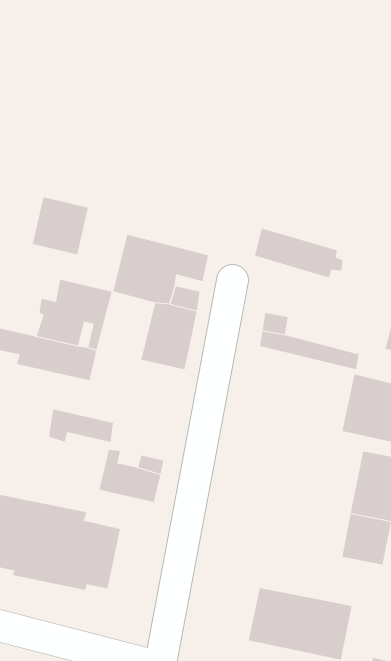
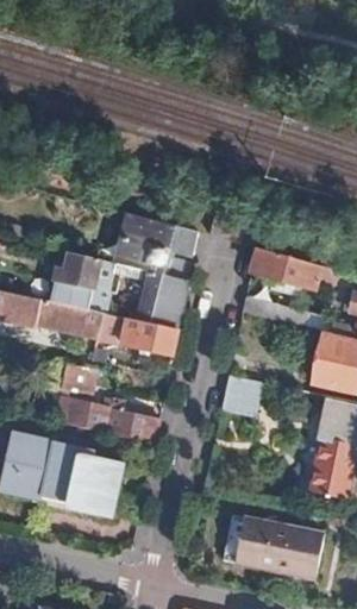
building: [32,197,88,255] -> none
building: [254,228,343,278] -> [248,246,324,289]
building: none -> [96,313,177,354]
building: none -> [219,375,262,416]
building: none -> [54,395,112,432]

